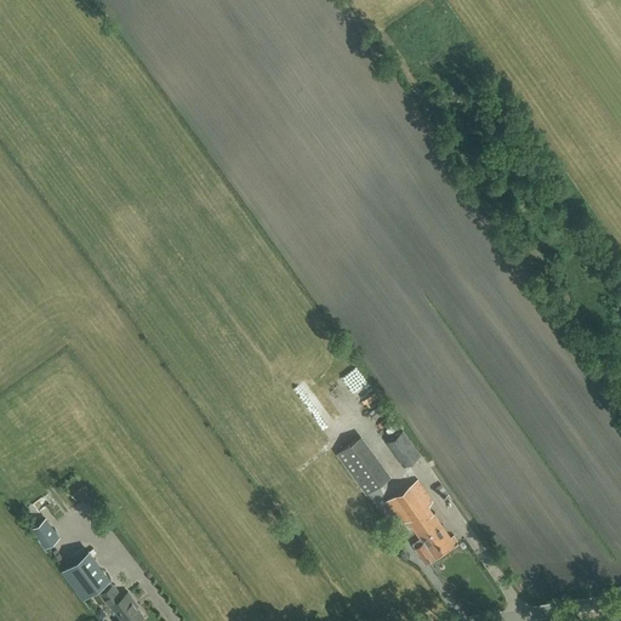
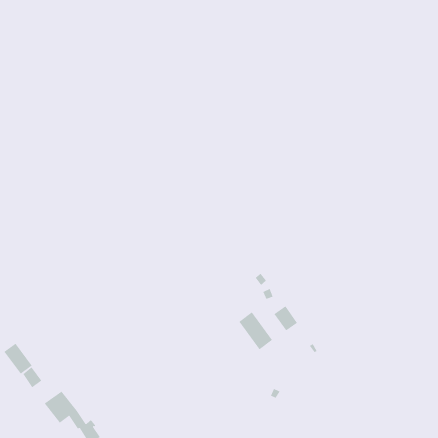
building: [388,482,460,565] -> none
building: none -> [4,343,33,374]

